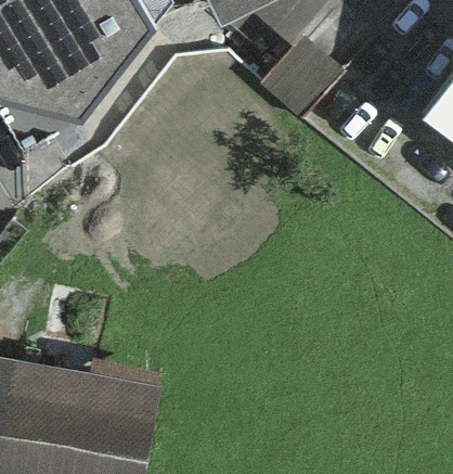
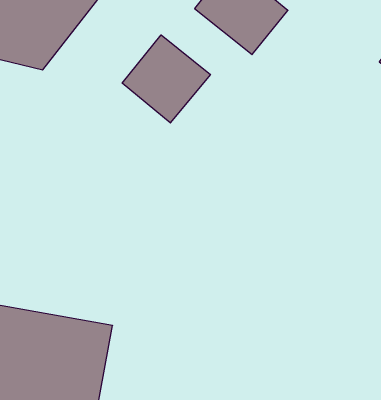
building: none -> [122,35,210,123]

